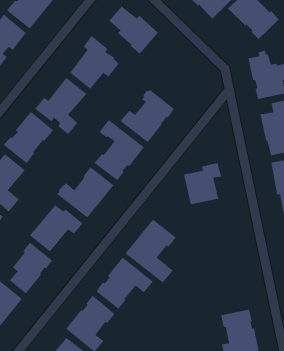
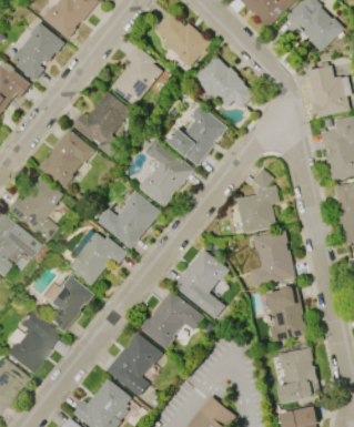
building: none -> [194,54,255,108]
building: none -> [250,230,295,285]
building: none -> [266,285,307,340]

